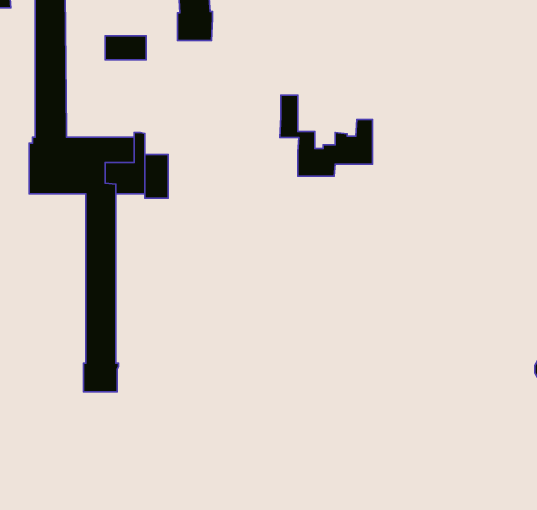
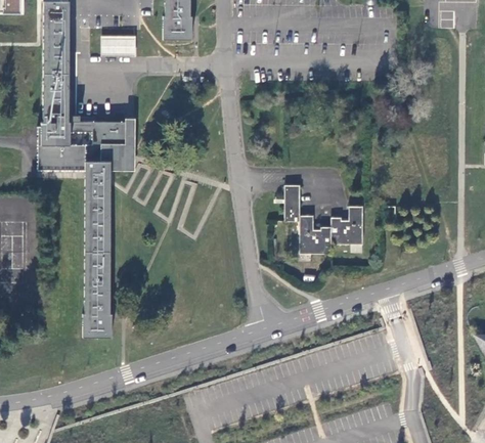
building: [280,95,373,176] -> [283,184,362,253]
building: [145,155,168,198] -> none

